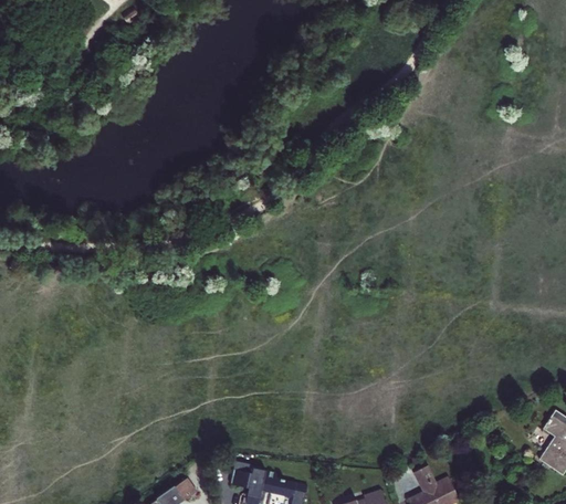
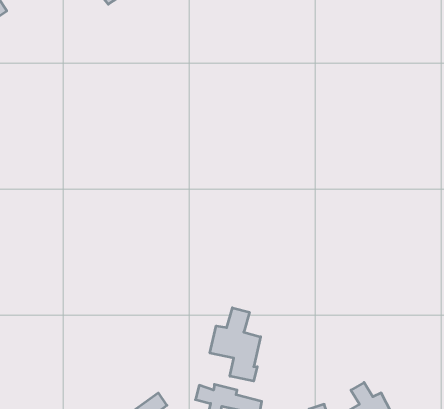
building: none -> [210,308,261,381]

